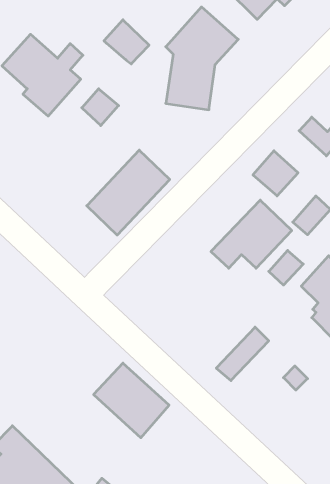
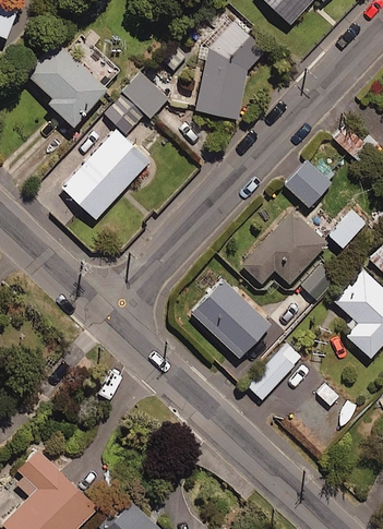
building: [104,20,149,64] -> [122,73,169,119]
building: [87,150,170,235] -> [62,131,148,219]
building: [94,363,169,438] -> [192,285,271,362]

